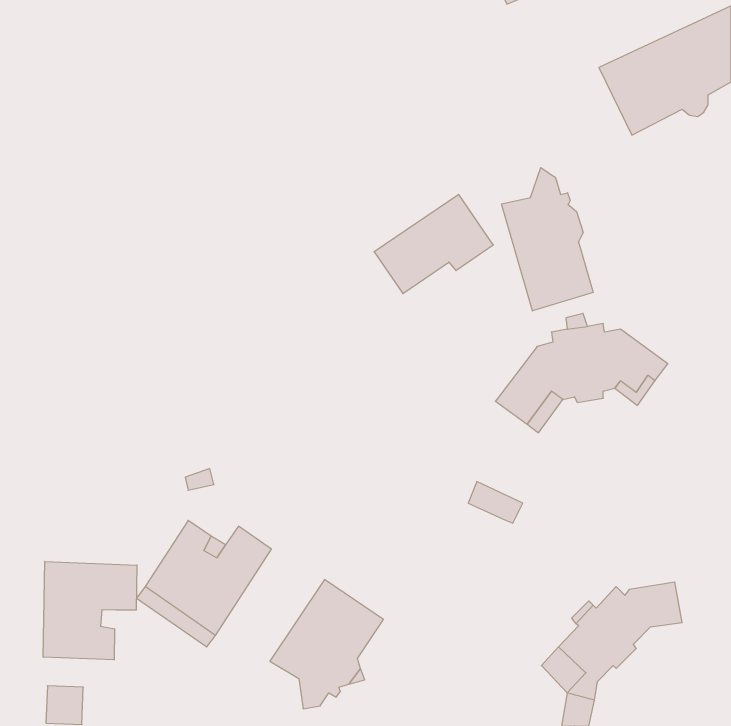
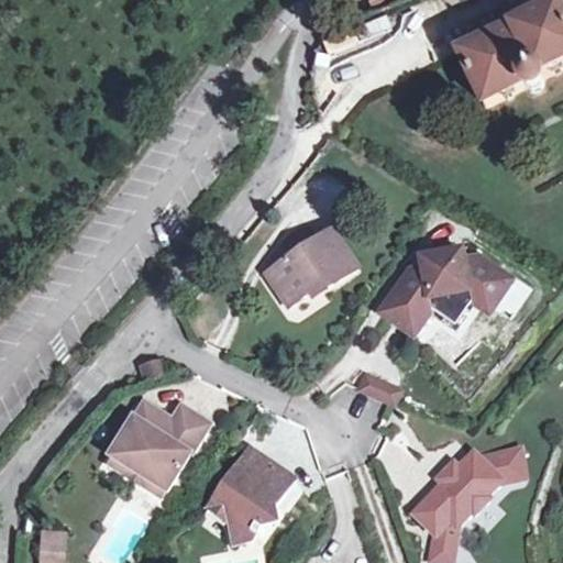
building: [501,168,593,311] -> none
building: [374,194,493,294] -> [265,225,356,301]
building: [43,561,137,660] -> none

